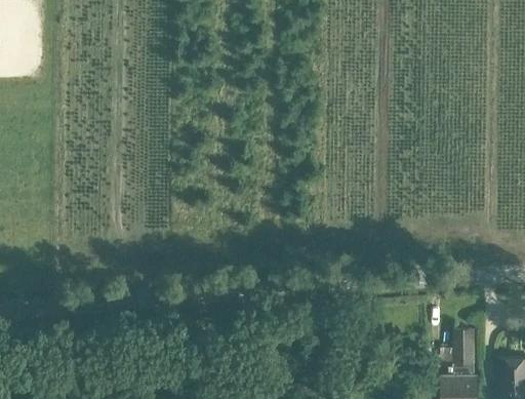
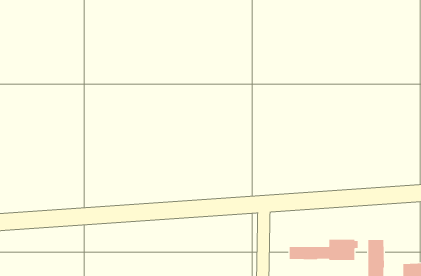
building: none -> [289,239,358,261]

